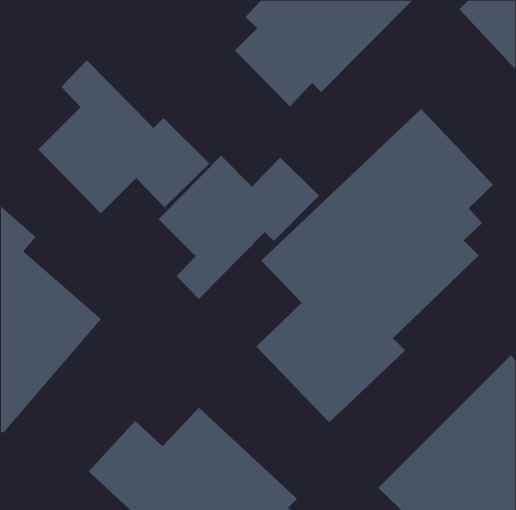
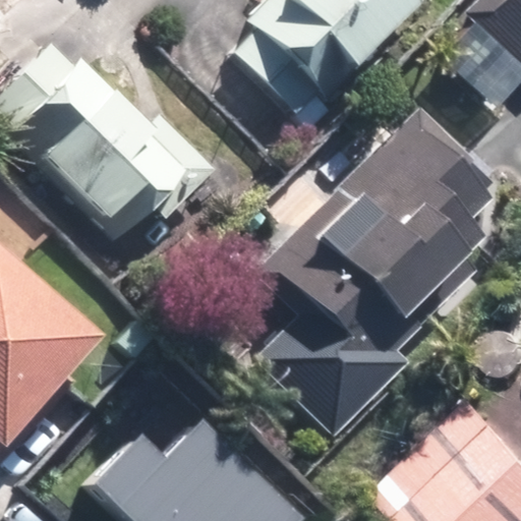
building: [158,155,320,300] -> none

